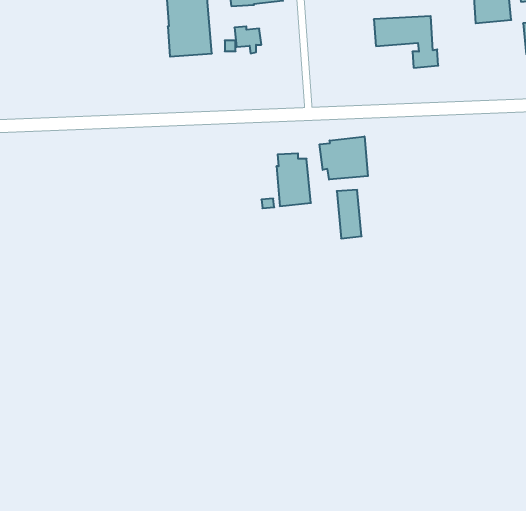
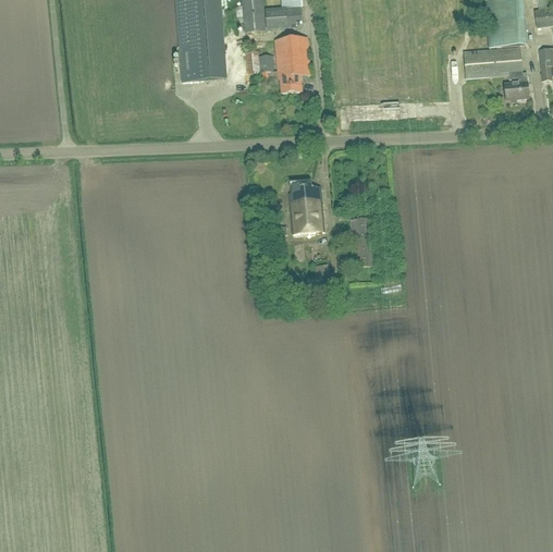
building: none -> [273,36,309,91]
building: [374,16,438,68] -> [463,47,528,99]
building: [320,136,368,180] -> none

